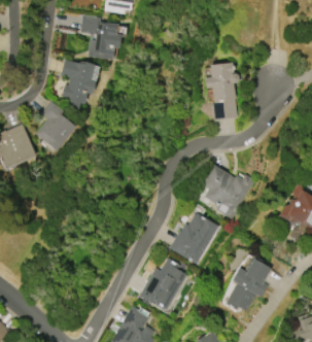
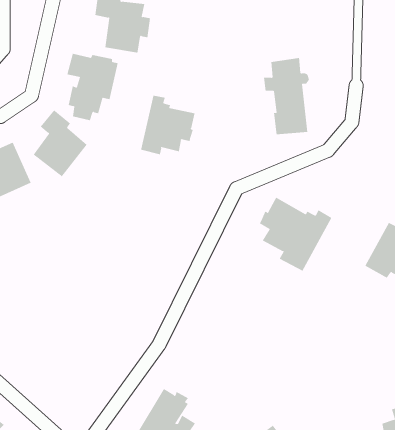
building: none -> [140,95,195,155]
building: [171,212,219,264] -> none
building: [139,258,187,310] -> none
building: [226,259,271,311] -> none

